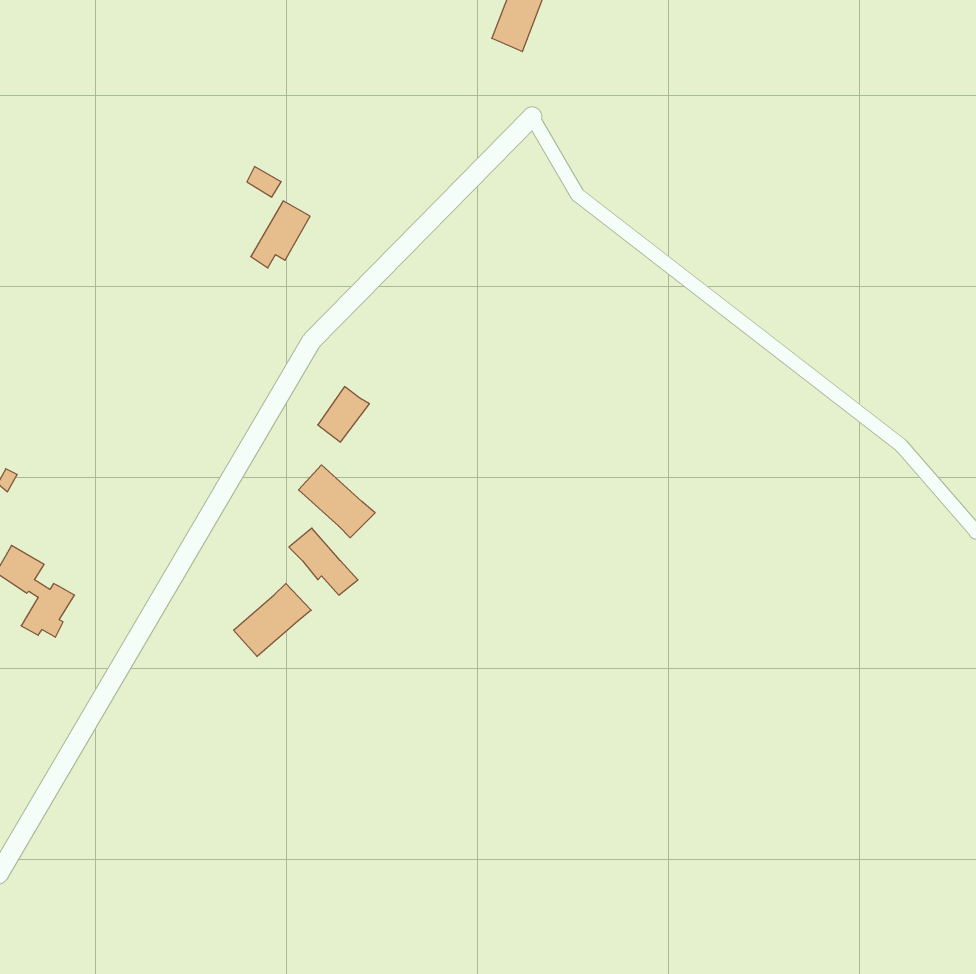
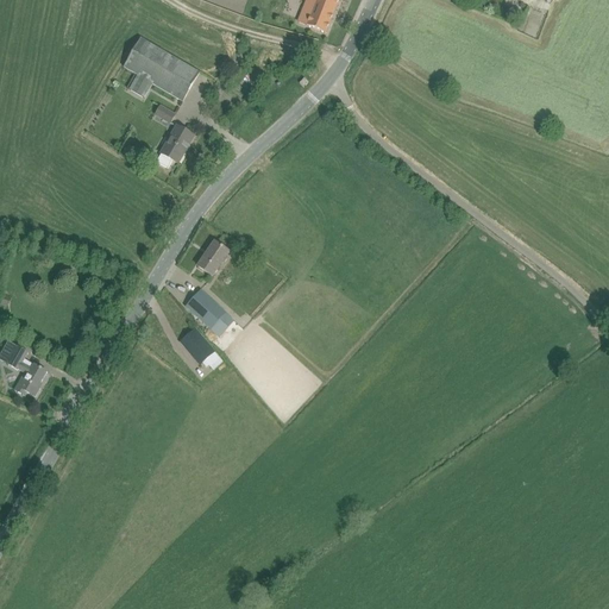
building: none -> [123,36,199,100]
building: [234,584,311,657] -> none

